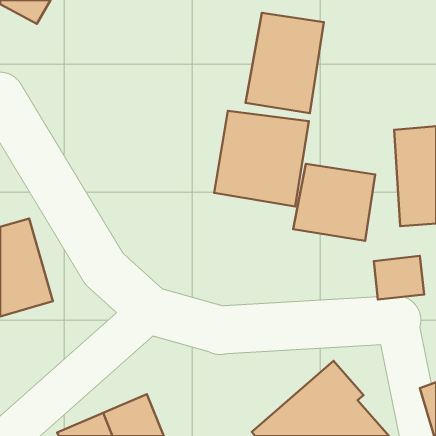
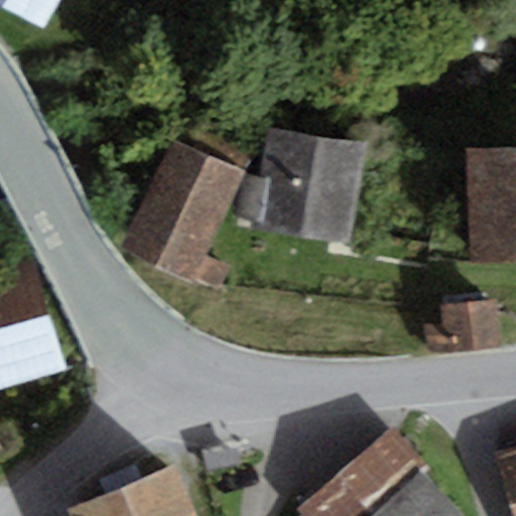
building: [245,13,324,113] -> none
building: none -> [122,141,243,296]
building: [293,164,375,241] -> none

